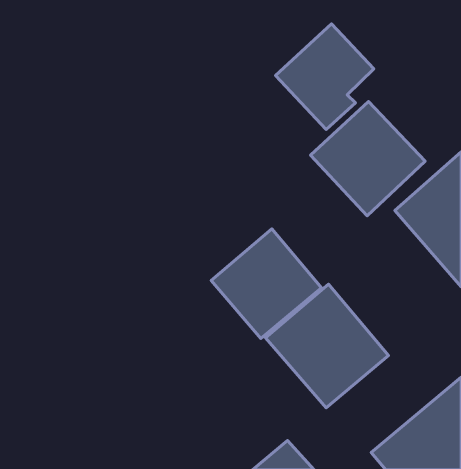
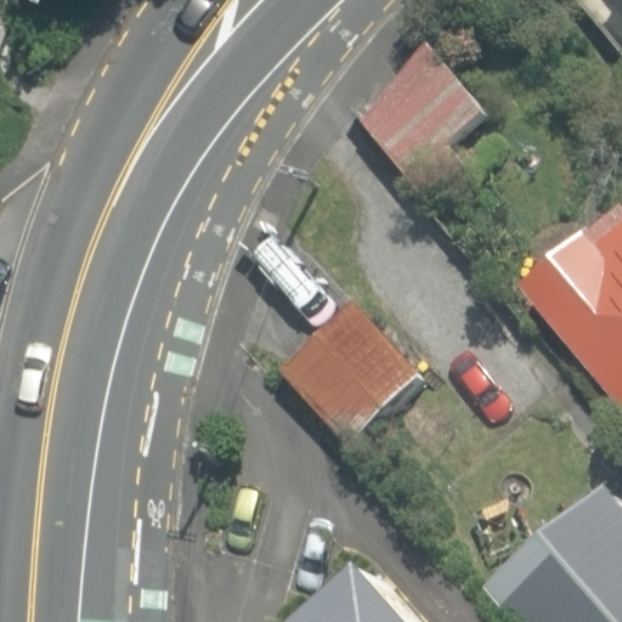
building: [311,101,425,216] -> none
building: [266,284,389,408] -> none

